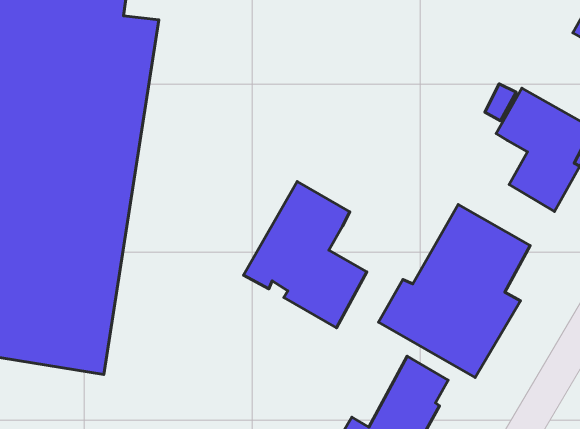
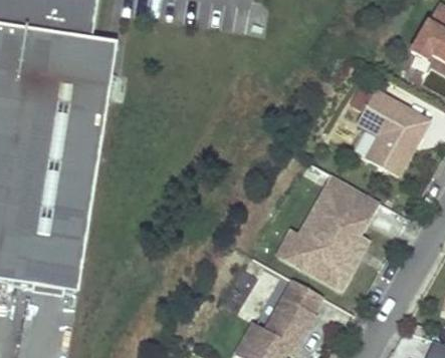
building: [243,182,367,328] -> none

